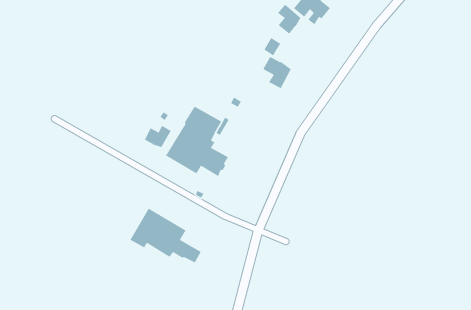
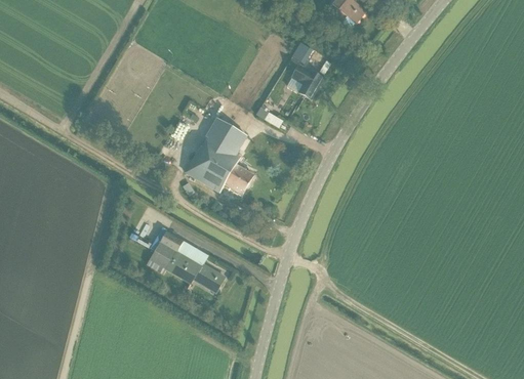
building: [277,4,301,34] -> none
building: [144,125,171,148] -> none

